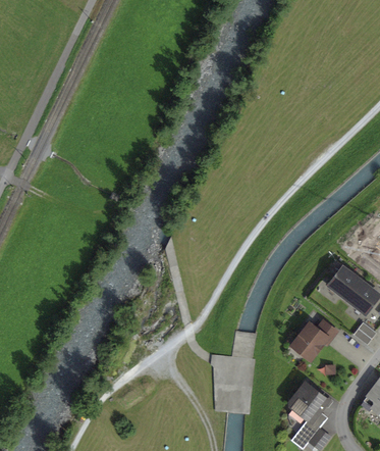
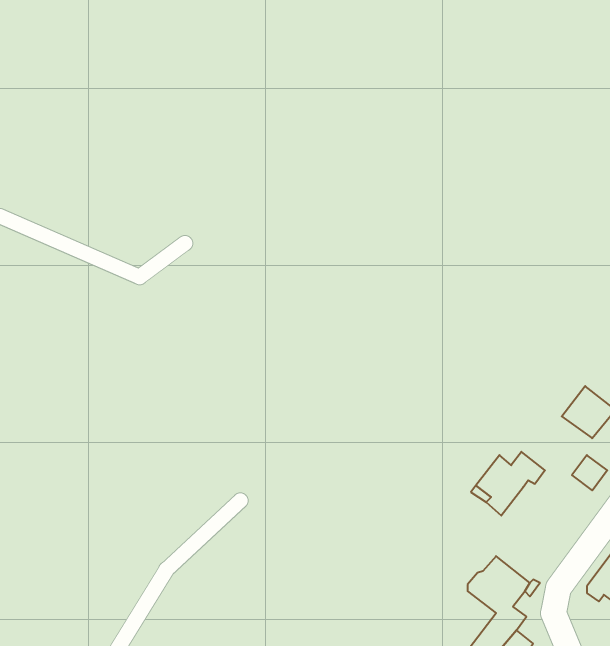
building: [329,266,362,299] -> none

